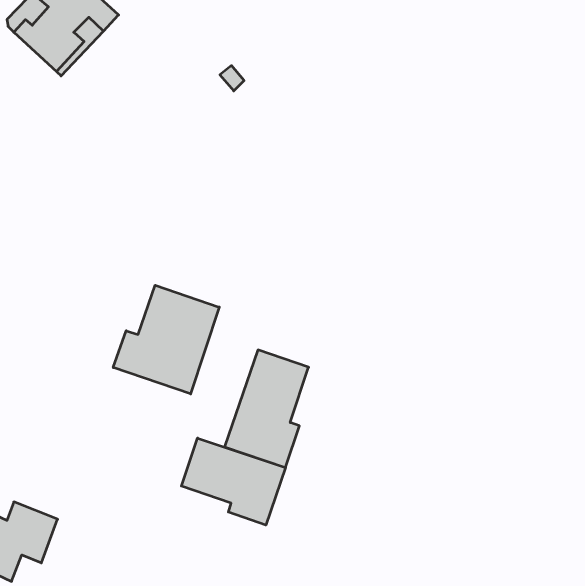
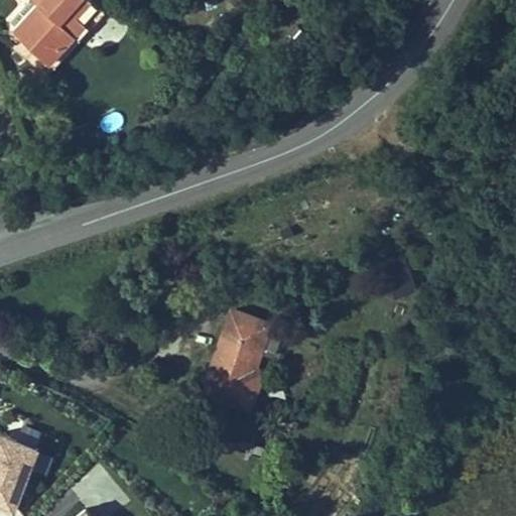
building: [113,285,219,394] -> none
building: [181,438,285,525] -> none

